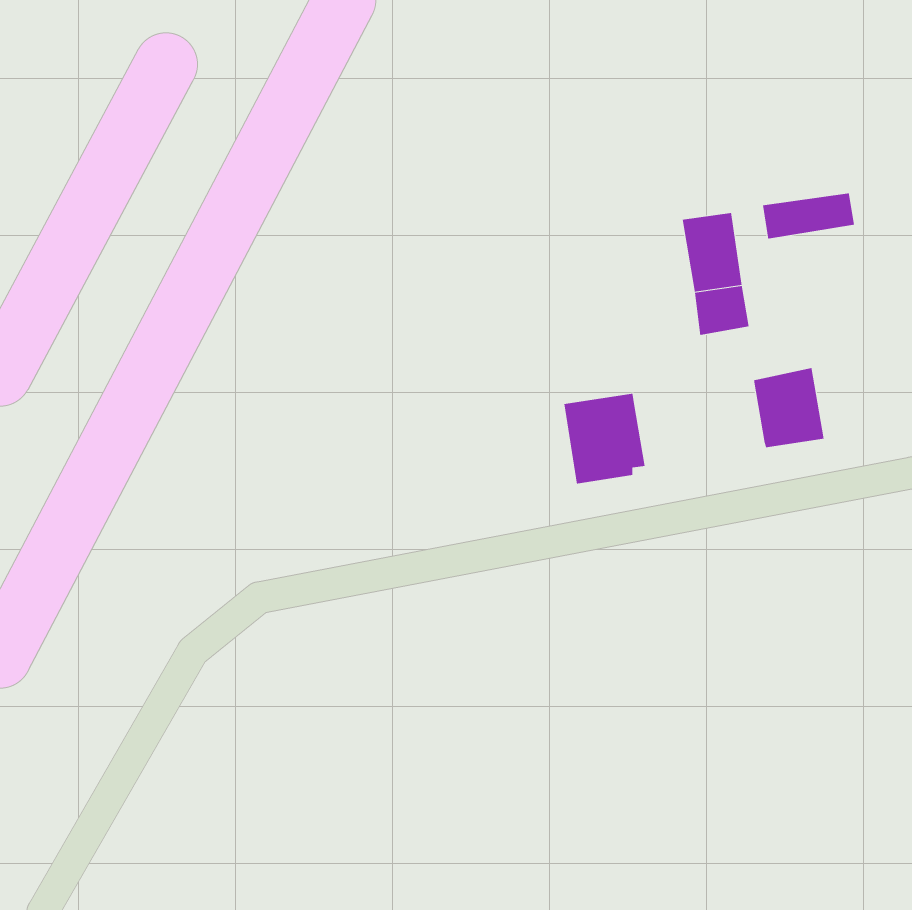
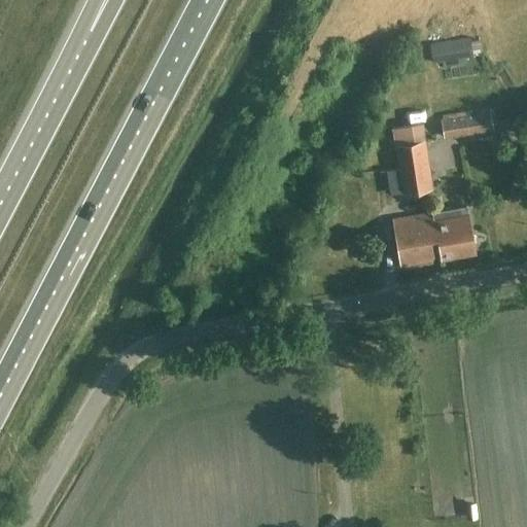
building: none -> [430,37,483,64]
building: [564,393,646,484] -> [393,214,441,267]

